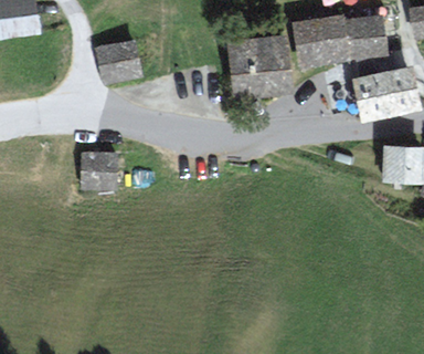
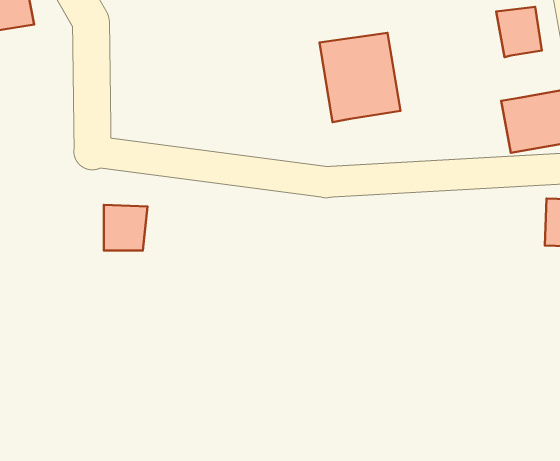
building: [296,18,350,61] -> none
building: [100,40,139,80] -> none

